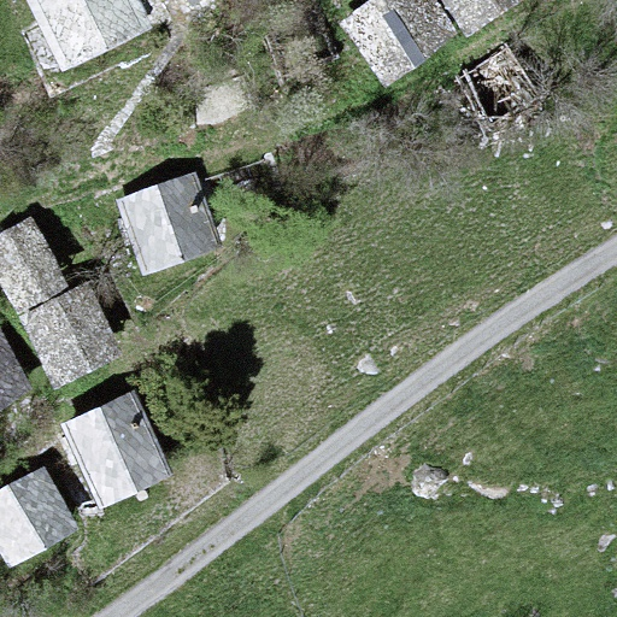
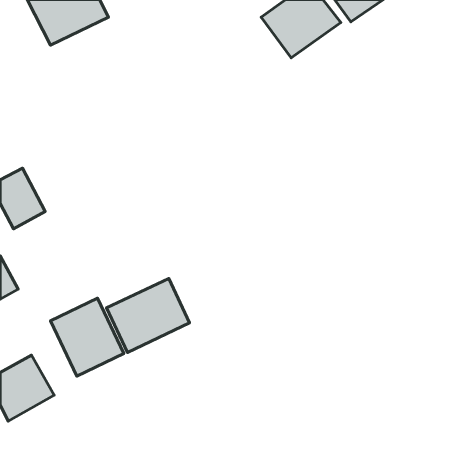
building: [123,178,215,266] -> none
building: [25,290,116,382] -> none
building: none -> [107,278,190,352]

